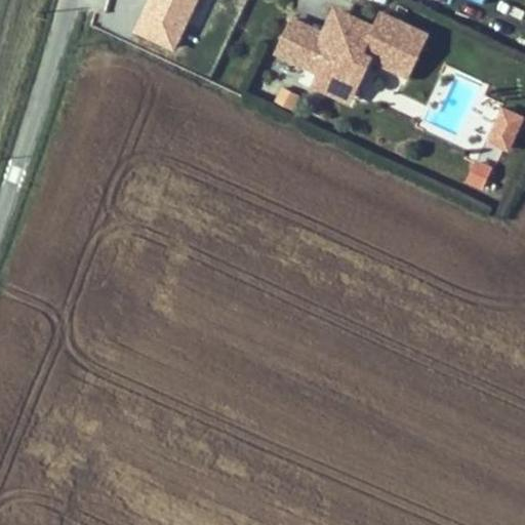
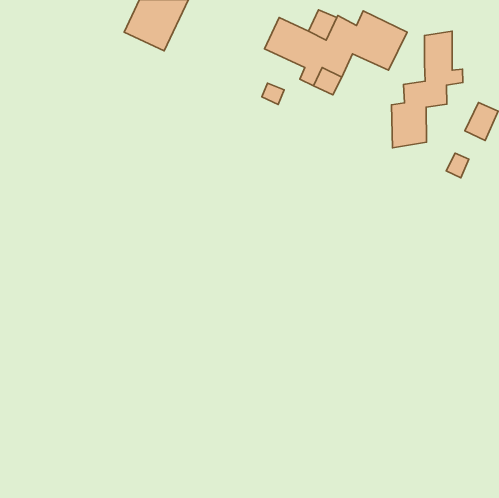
building: none -> [391,31,463,148]

